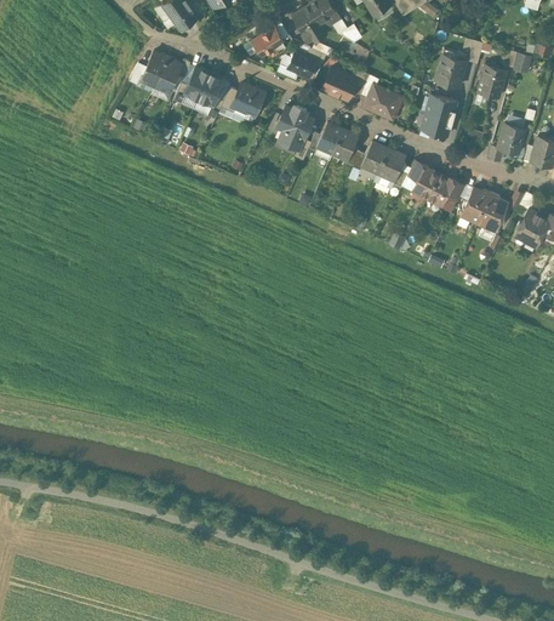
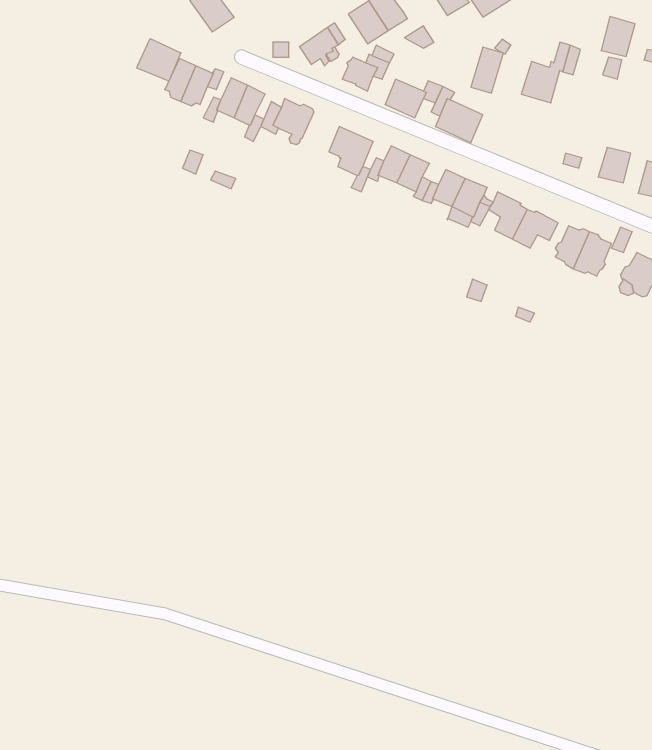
building: none -> [137,39,181,81]
building: [478,64,506,97] -> [601,16,635,56]
building: [422,96,449,133] -> [471,47,503,93]

